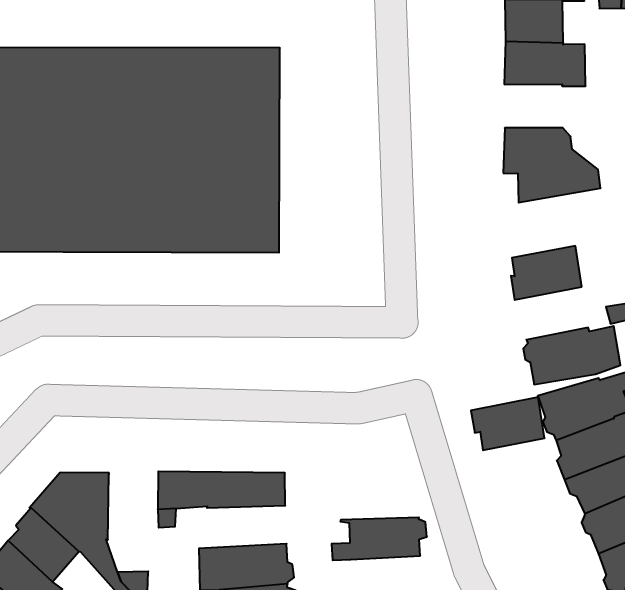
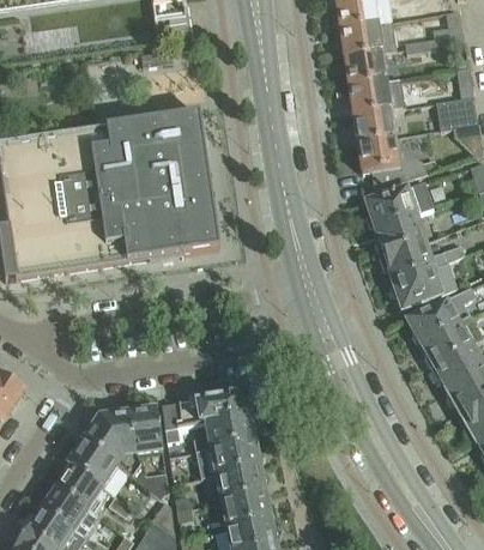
building: none -> [351,107,394,141]
building: none -> [364,181,431,226]
building: [471,397,545,450] -> [380,238,431,279]
building: none -> [129,409,162,454]
building: [332,517,427,560] -> [194,413,256,451]

